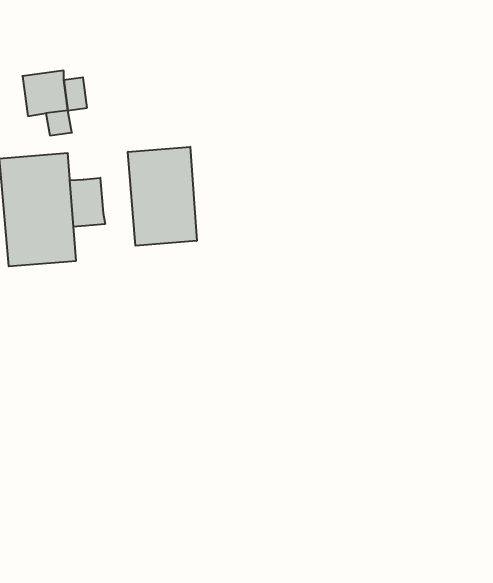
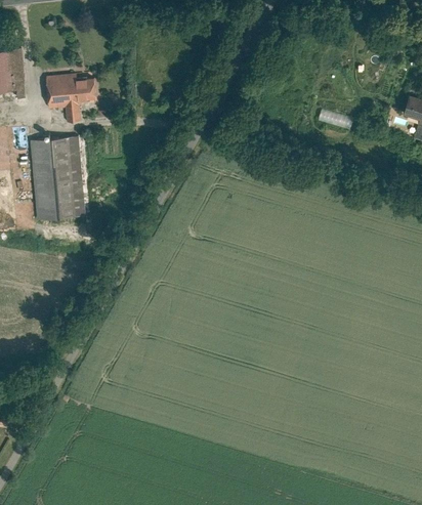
building: [128,147,197,246] -> none
building: [70,178,105,227] -> none

